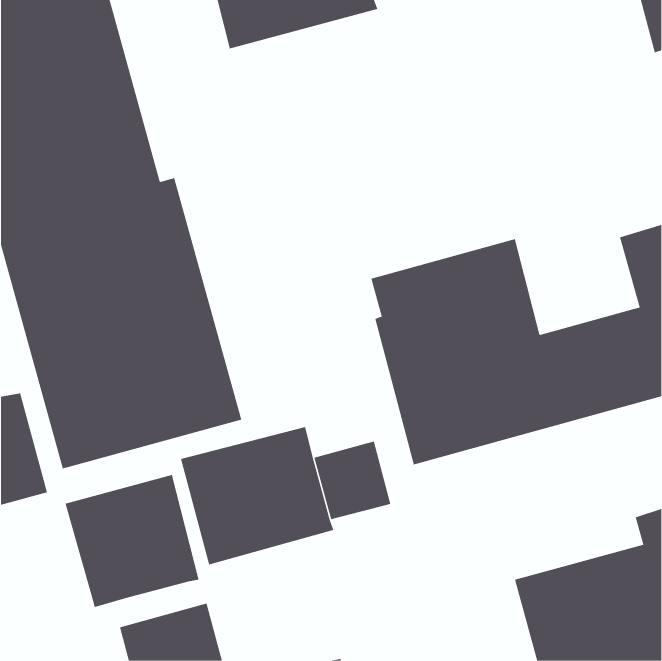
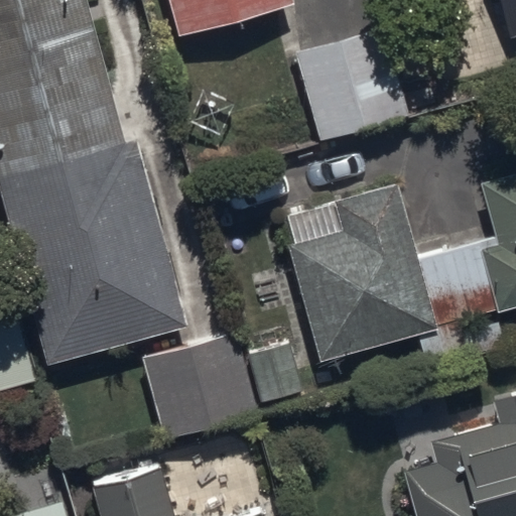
building: none -> [296,27,410,141]
building: [65,474,199,608] -> none

